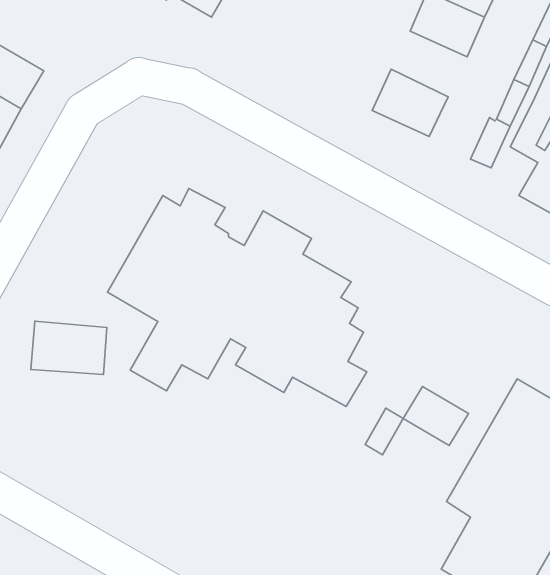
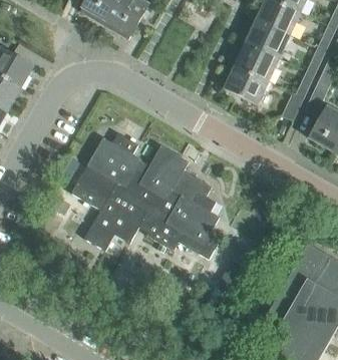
building: none -> [235,42,279,80]
building: [31,321,107,374] -> none
building: [403,387,468,445] -> none

